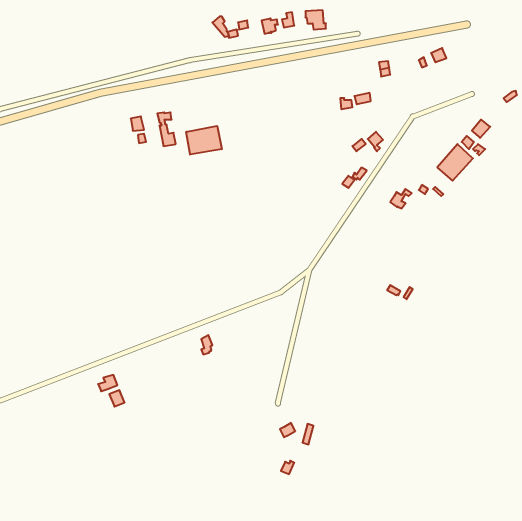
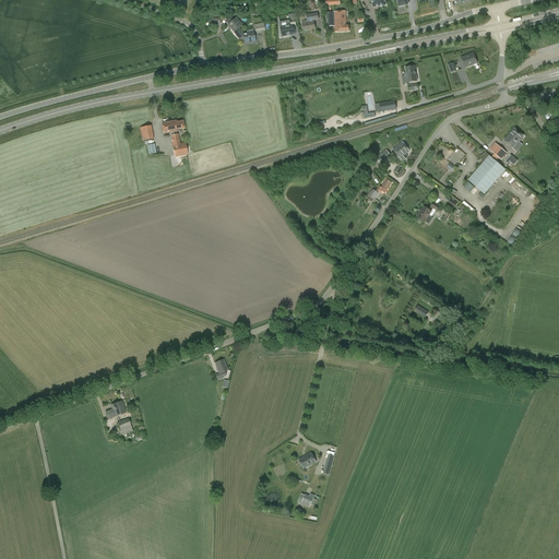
building: [186,126,222,155] -> none

